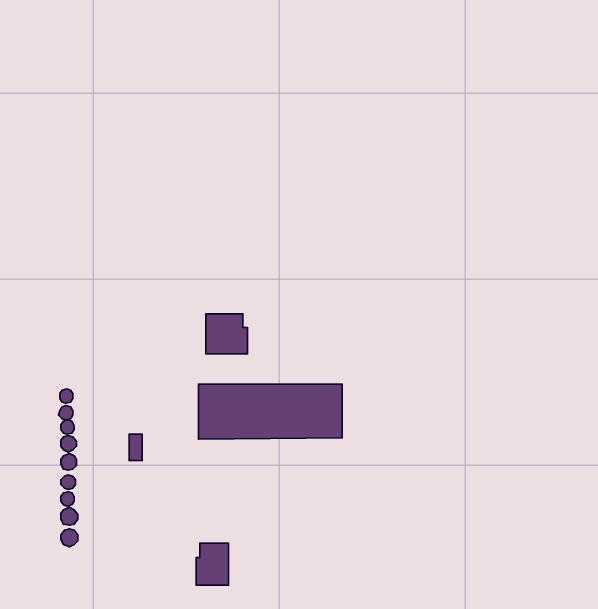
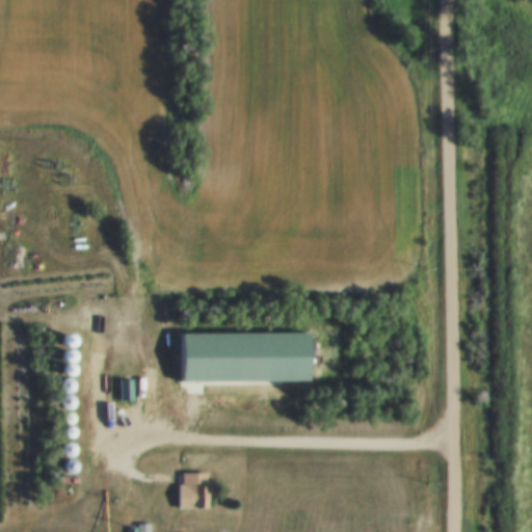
building: [206,314,248,354] -> none

